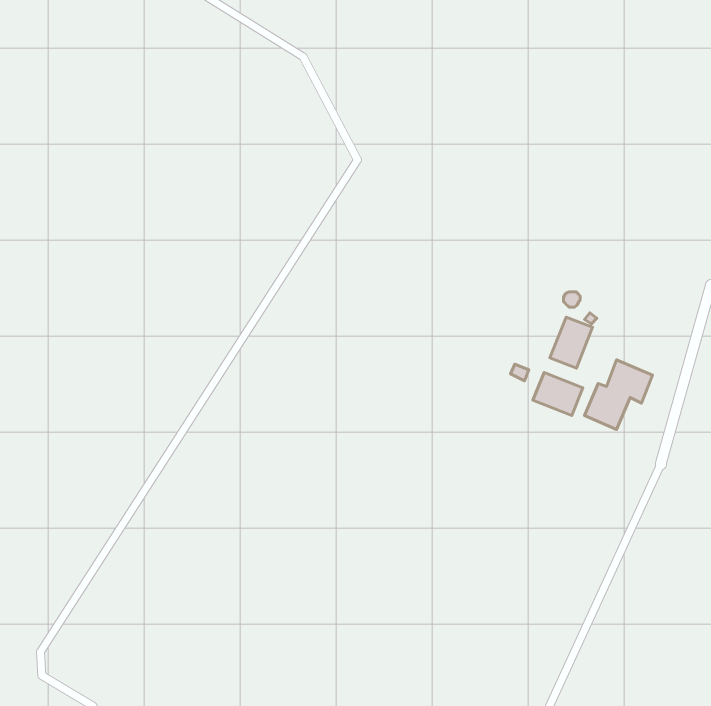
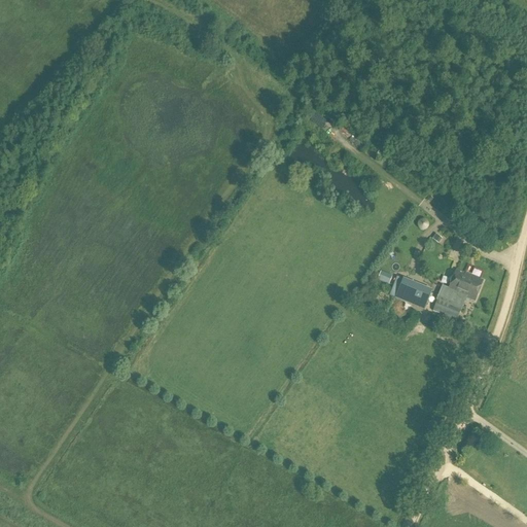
building: [550,317,592,368] -> none

